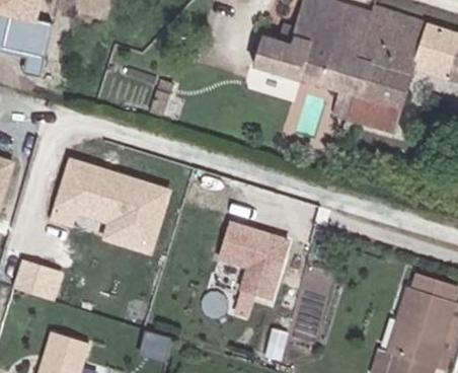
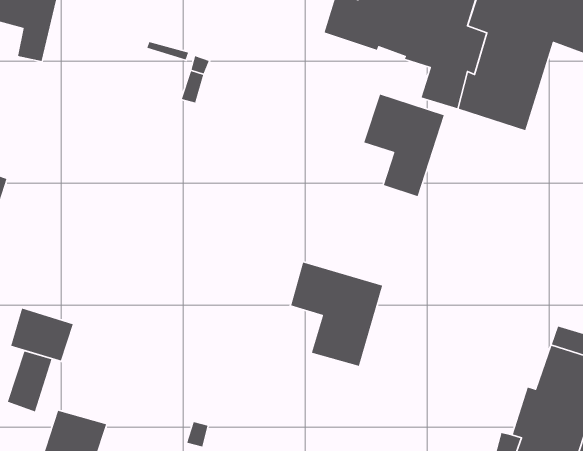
building: none -> [363,93,445,197]
building: [48,157,173,256] -> none
building: none -> [7,350,52,413]

